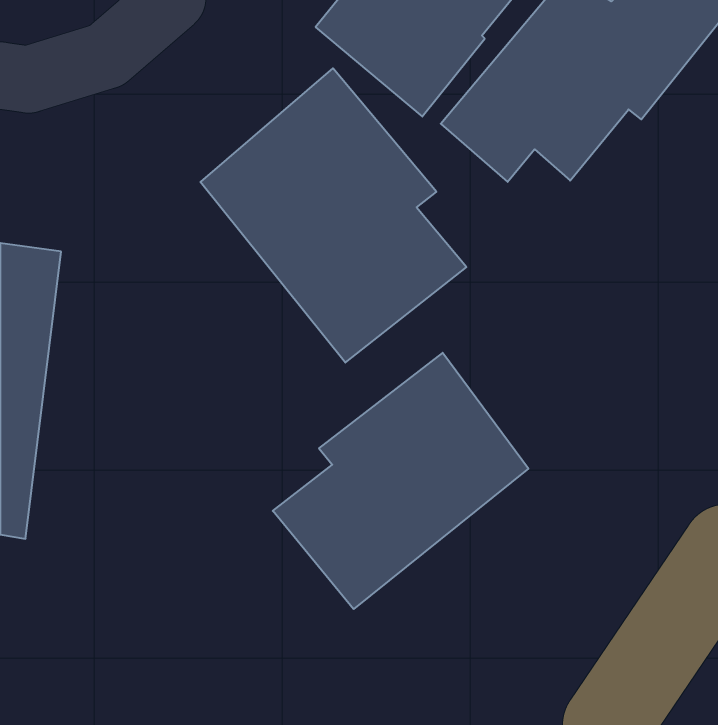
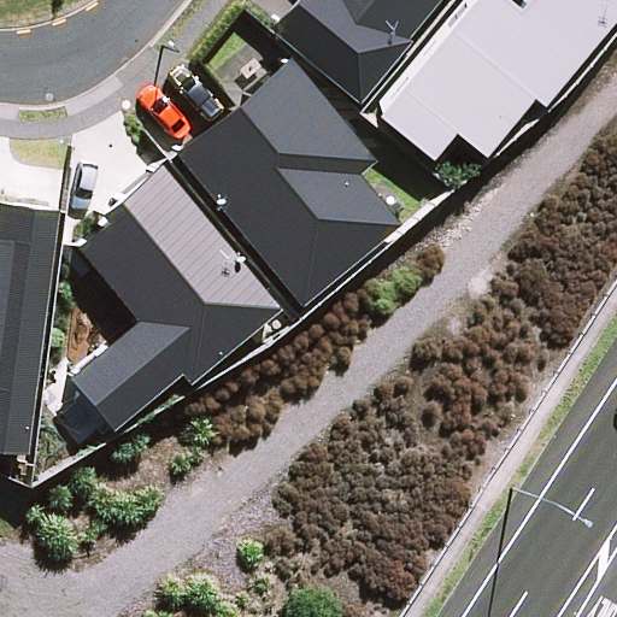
building: none -> [71,165,282,431]
building: [273,353,528,609] -> none

